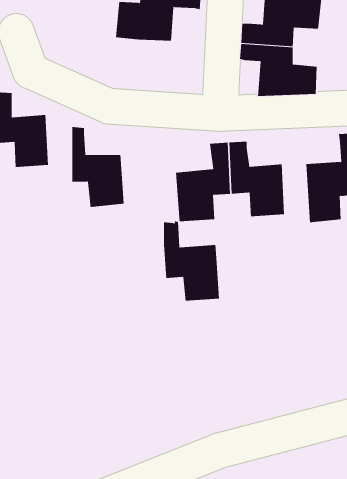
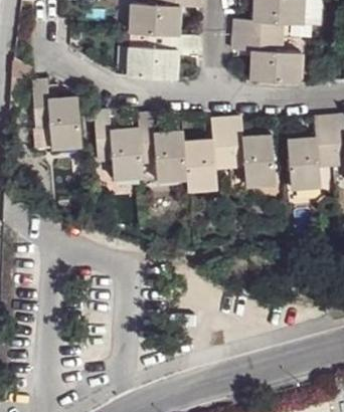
building: none -> [127,35,200,79]
building: [163,221,220,301] -> [136,111,183,178]

